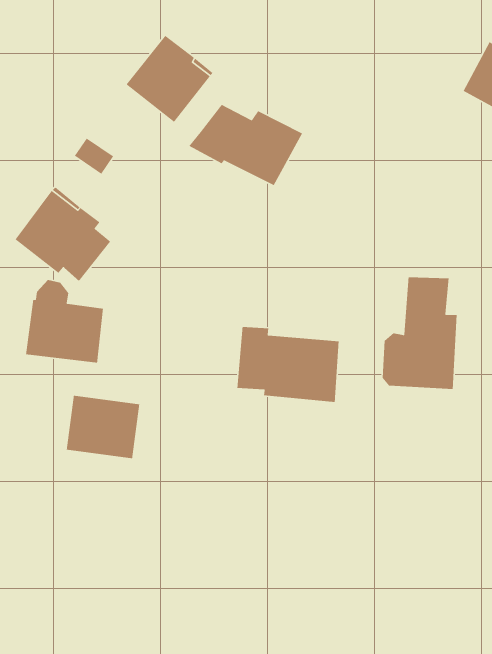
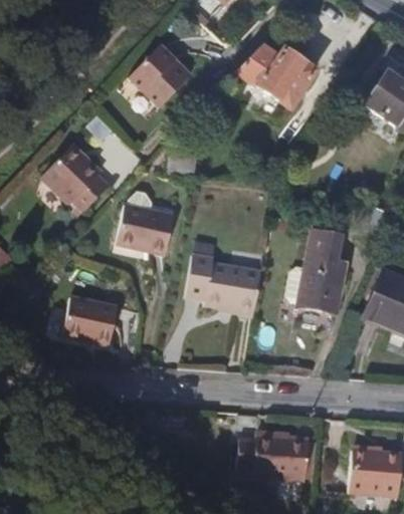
building: [188,104,303,186] -> [234,45,316,106]
building: [25,279,104,363] -> [118,193,176,255]
building: none -> [238,432,312,480]

